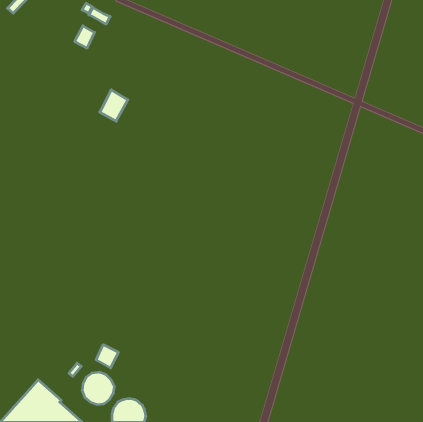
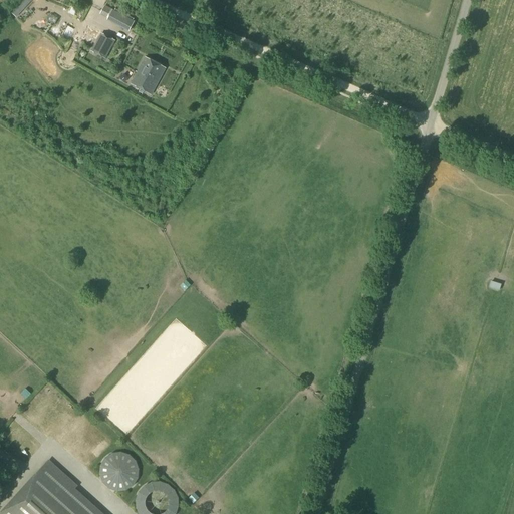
building: [100,90,128,121] -> [132,55,166,93]
building: [96,345,118,368] -> none

